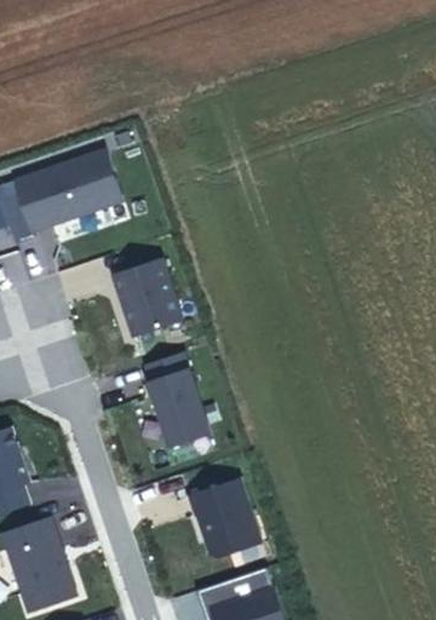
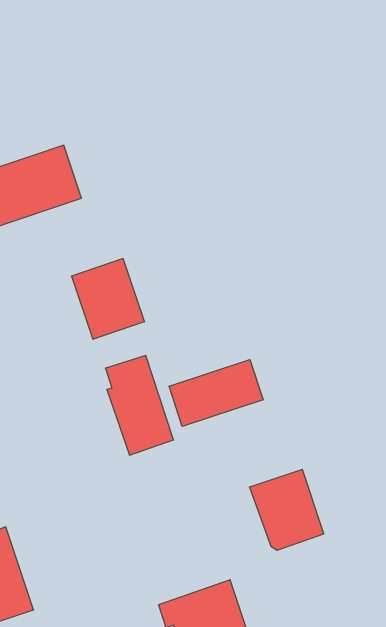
building: none -> [169,360,263,426]
building: [189,480,260,557] -> [249,469,324,550]

